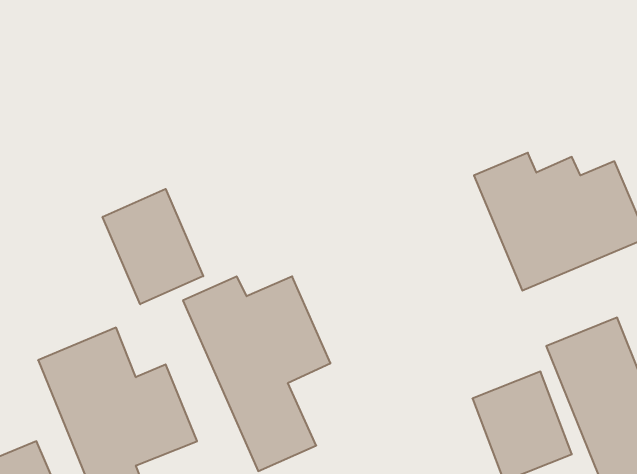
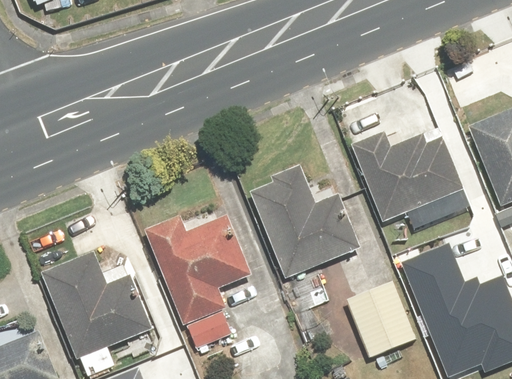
building: [103,189,203,304] -> none
building: none -> [246,166,359,279]

